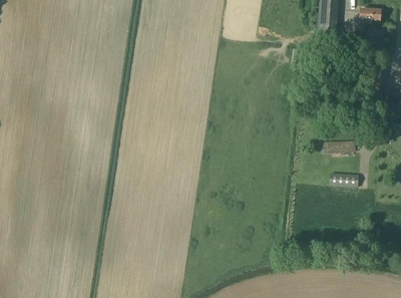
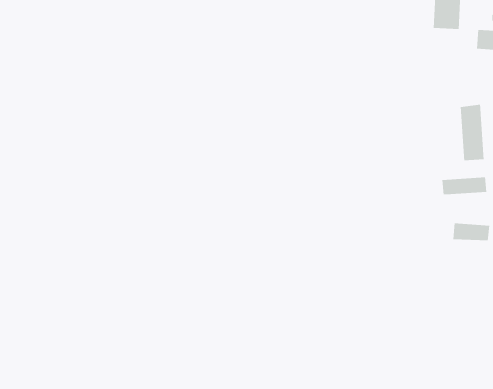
building: none -> [460,104,484,161]

